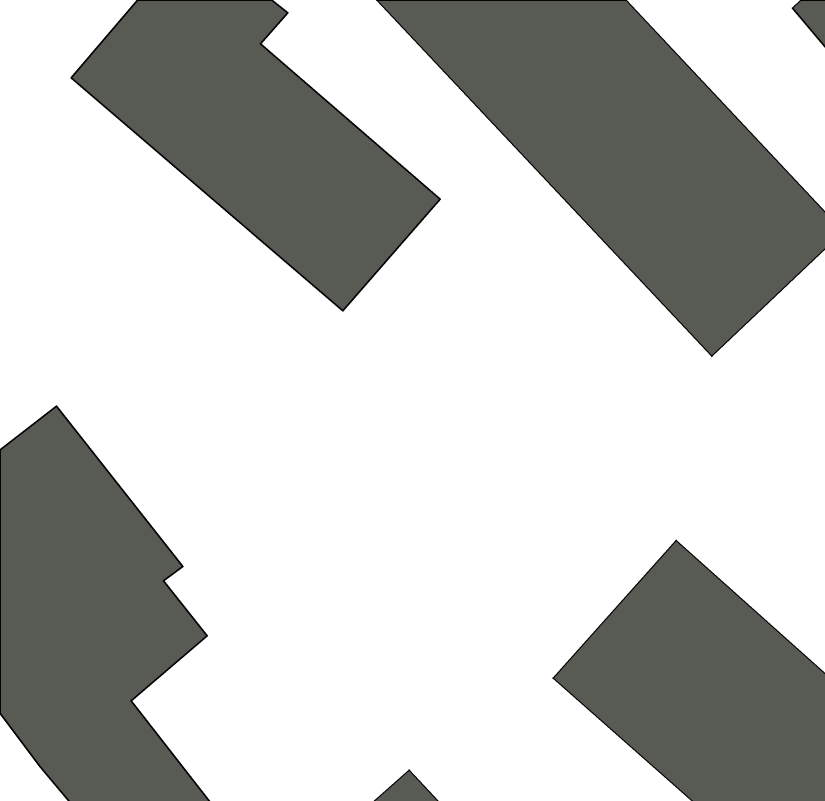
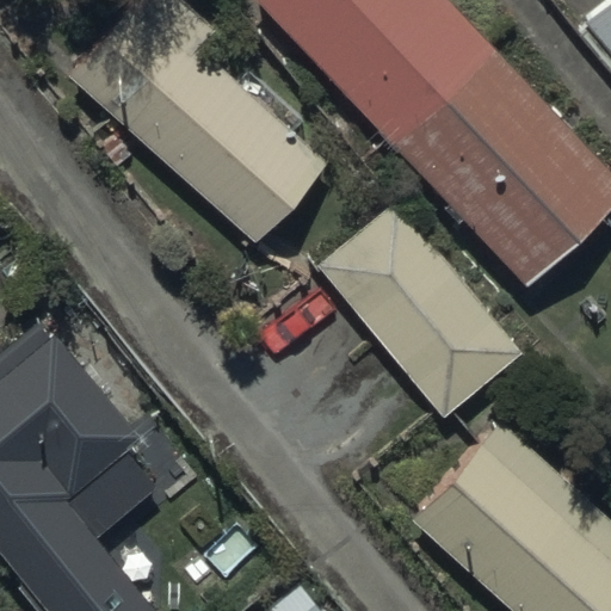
building: none -> [316,204,521,422]

